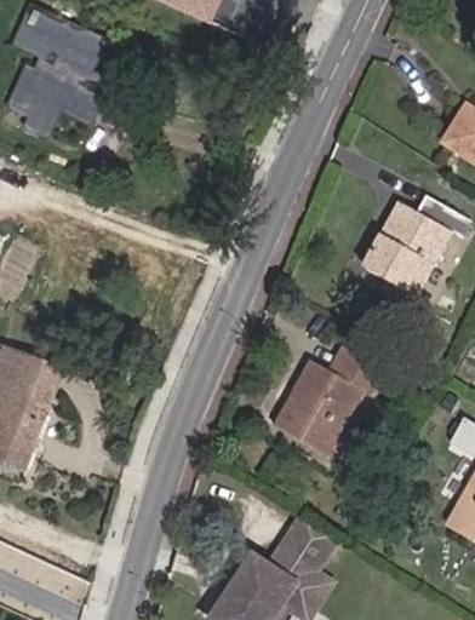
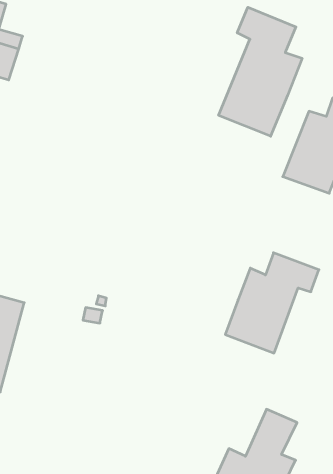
building: none -> [219,7,302,136]

